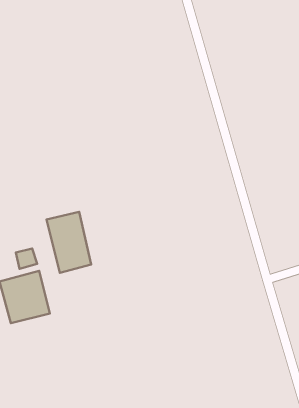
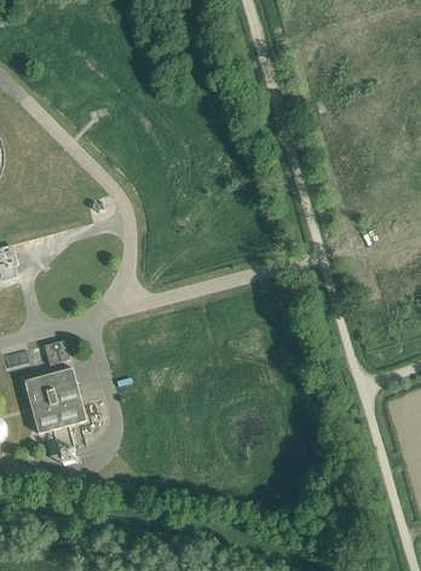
building: [47,212,91,273] -> none

